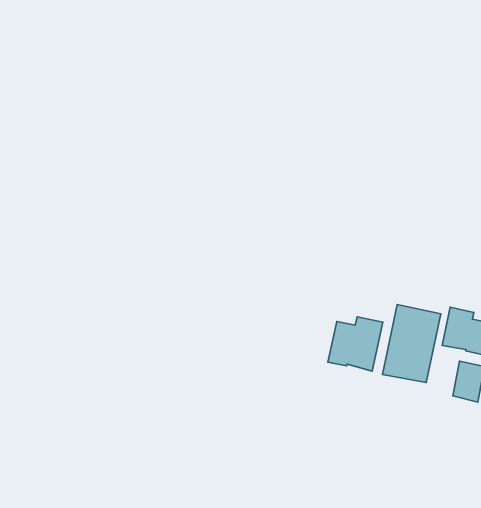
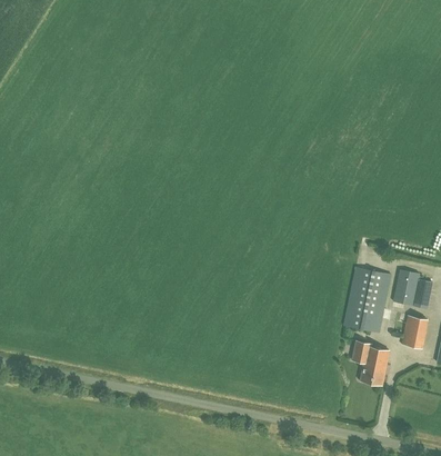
building: [328,317,383,371] -> none
building: none -> [351,340,388,385]

